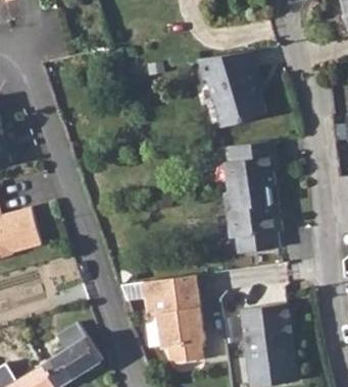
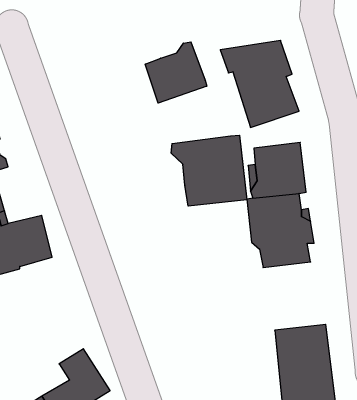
building: none -> [145,42,207,103]
building: none -> [171,135,247,206]
building: [144,273,203,362] -> none

